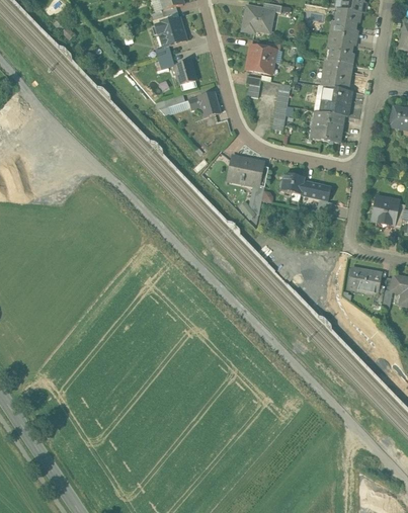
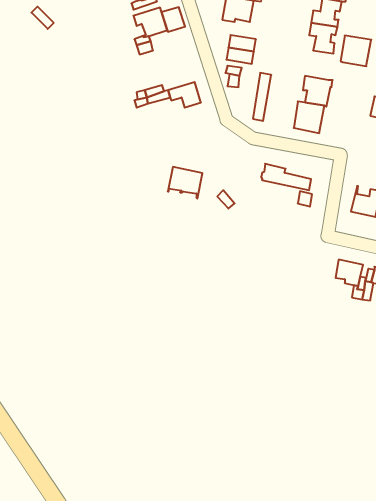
building: [322,59,352,89] -> [341,36,371,66]
building: [173,61,196,85] -> [162,7,185,32]
building: [229,154,263,185] -> [168,167,202,199]

